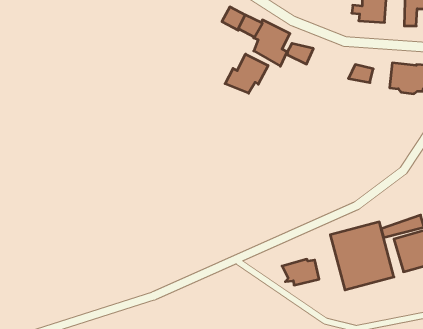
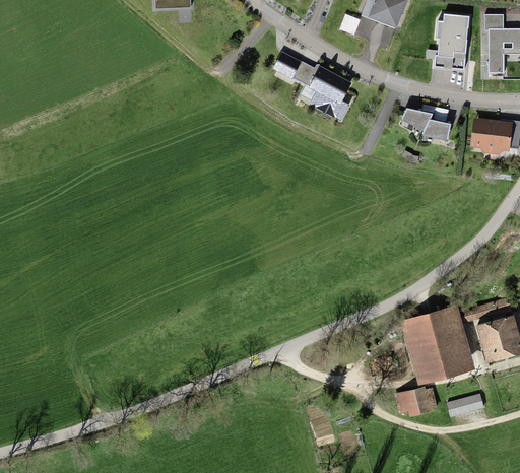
building: [287,43,313,64] -> [401,107,433,131]
building: [225,54,268,93] -> none
building: [282,259,319,285] -> [395,386,439,416]
building: none -> [447,393,484,416]

